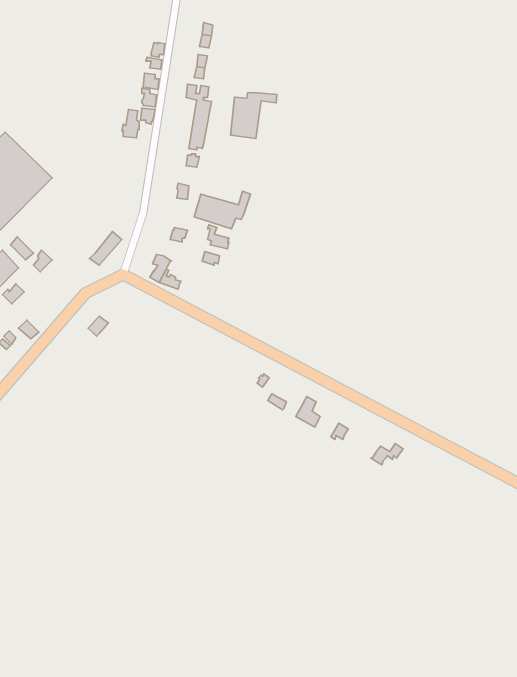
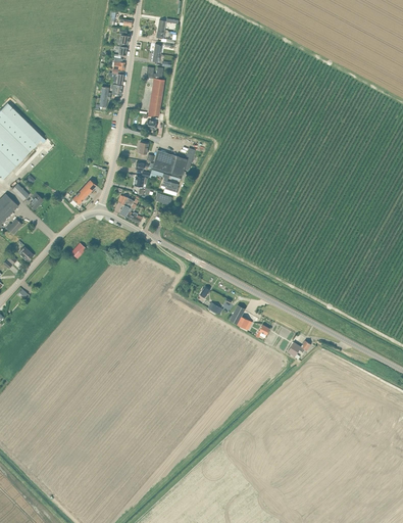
building: [231,93,277,138] -> none

